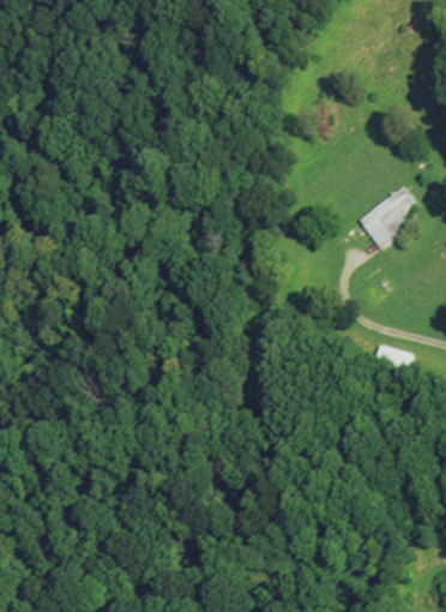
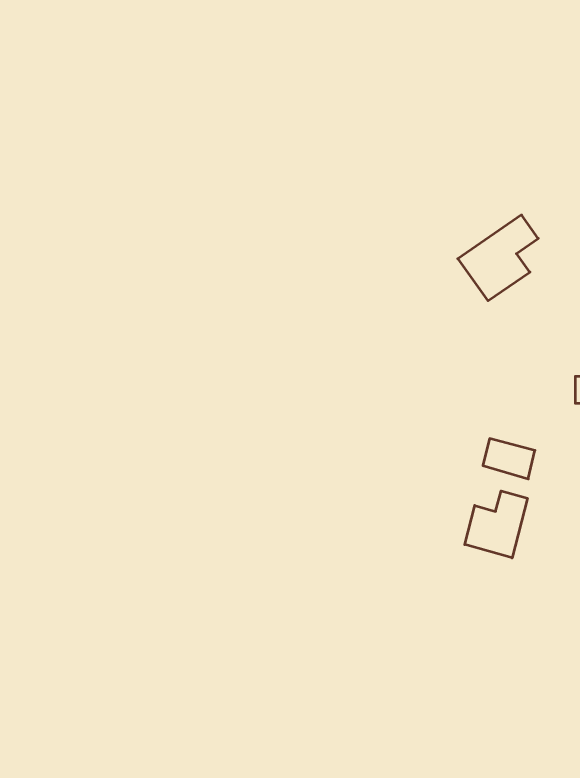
building: none -> [465,491,527,558]

